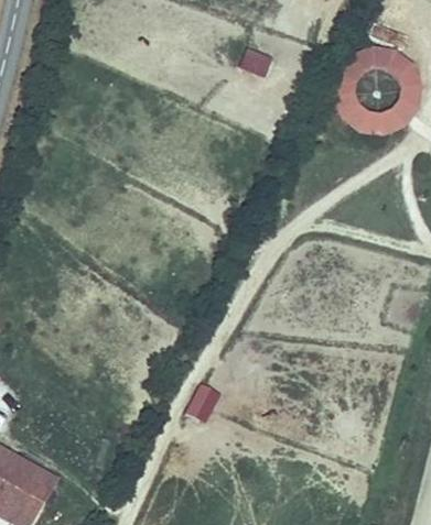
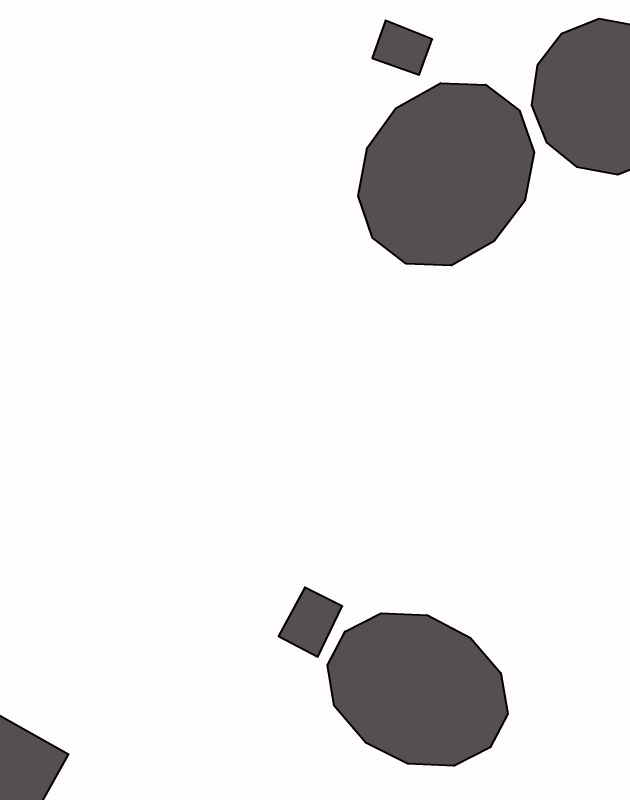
building: none -> [358,83,534,265]
building: none -> [327,613,508,766]

